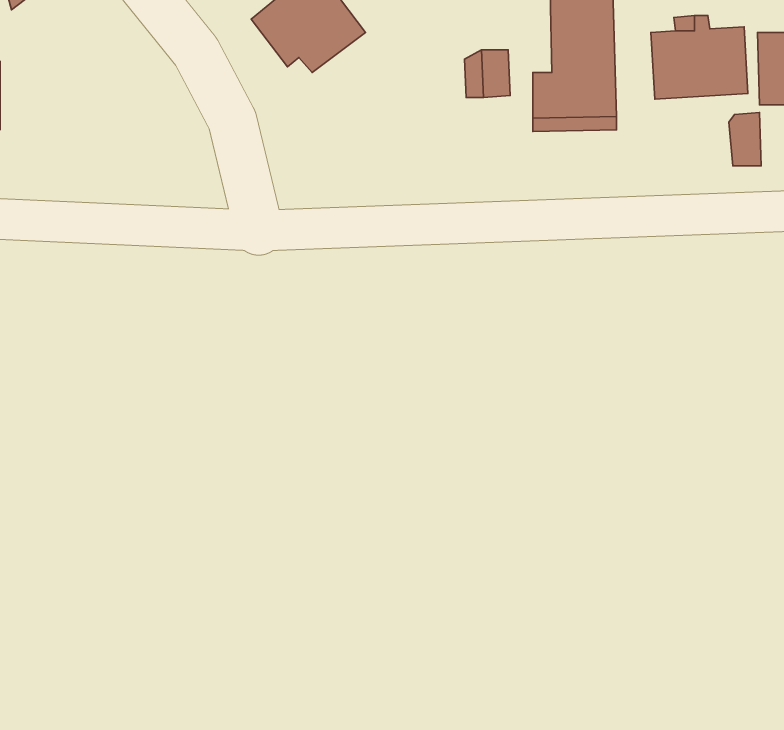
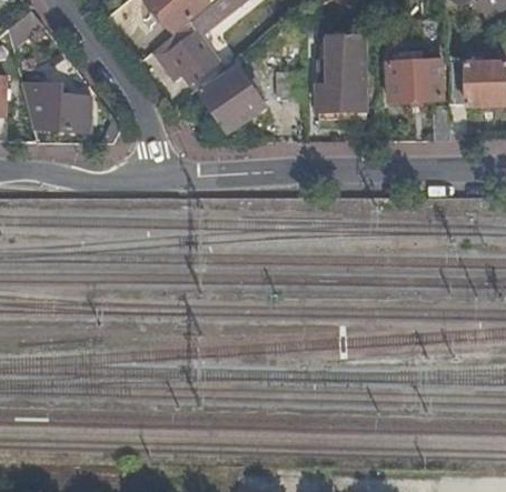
building: none -> [200,66,266,130]
building: none -> [21,82,95,132]

